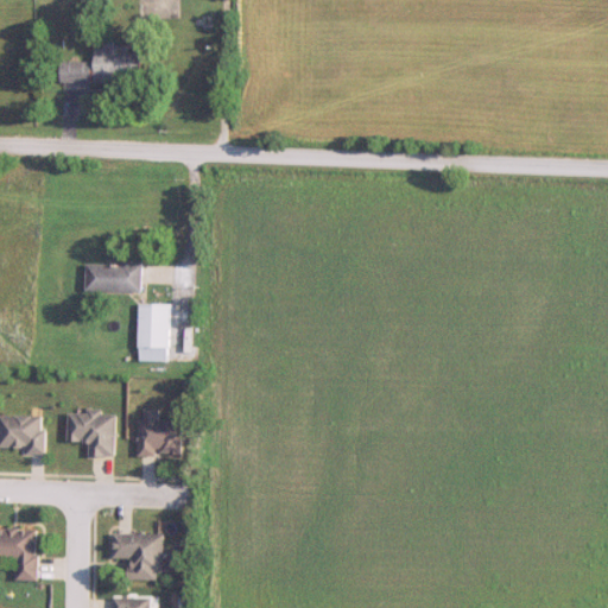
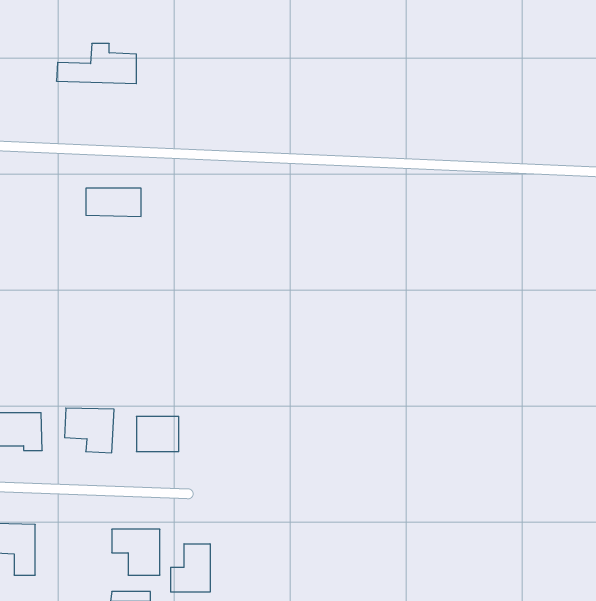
building: [83,264,139,292] -> [86,188,141,216]
building: [137,304,167,349] -> none
building: none -> [171,544,210,592]

